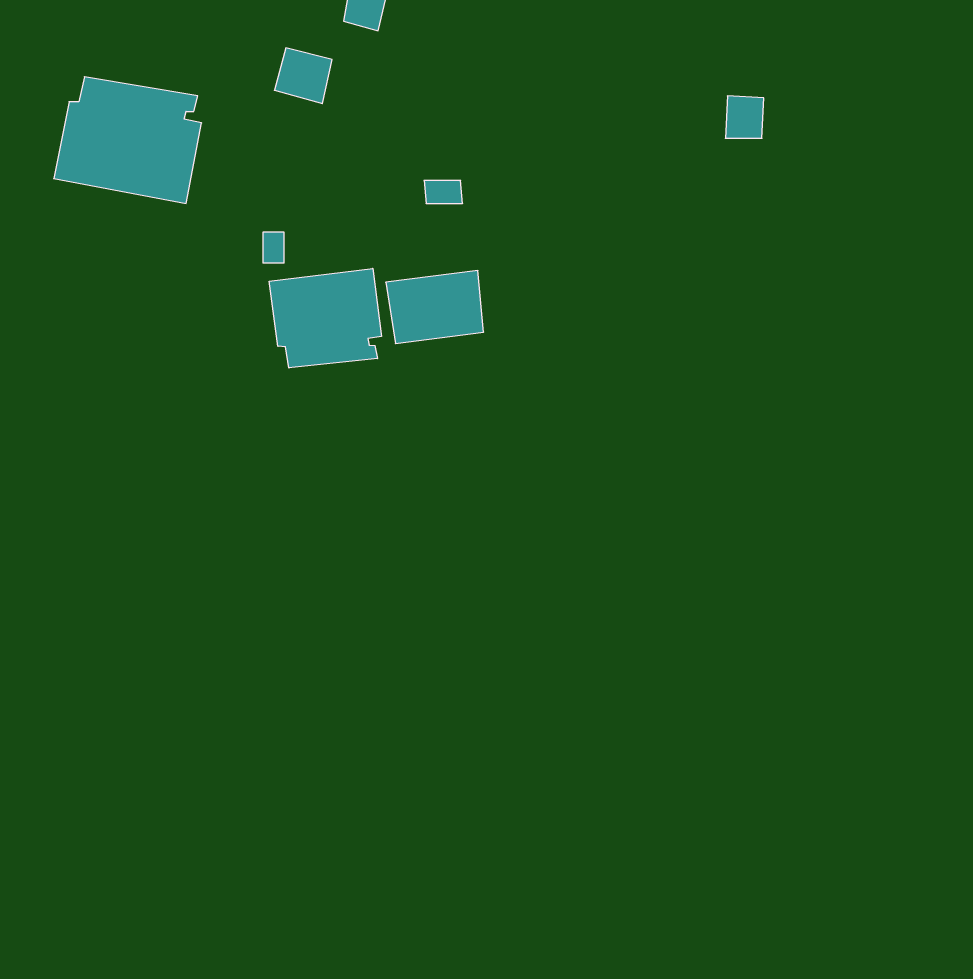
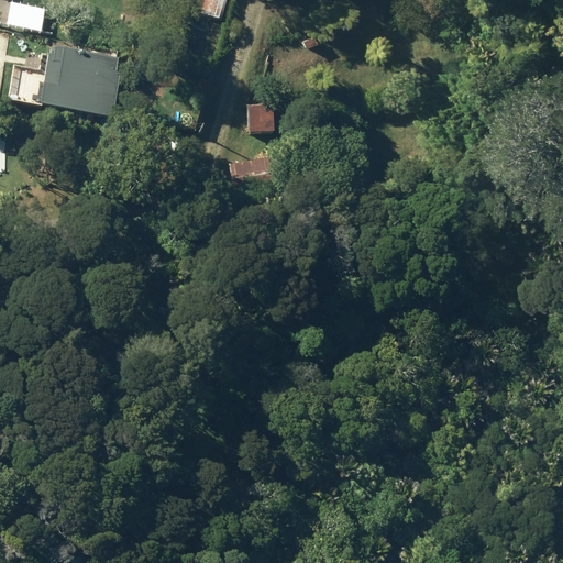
building: [269,268,381,368] -> none

